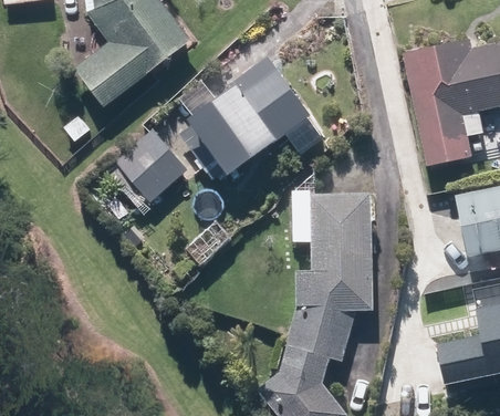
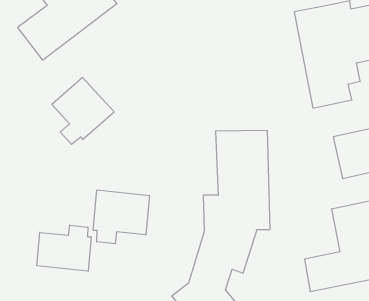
building: [179,56,322,179] -> none
building: none -> [93,190,149,244]
building: none -> [37,225,91,271]

